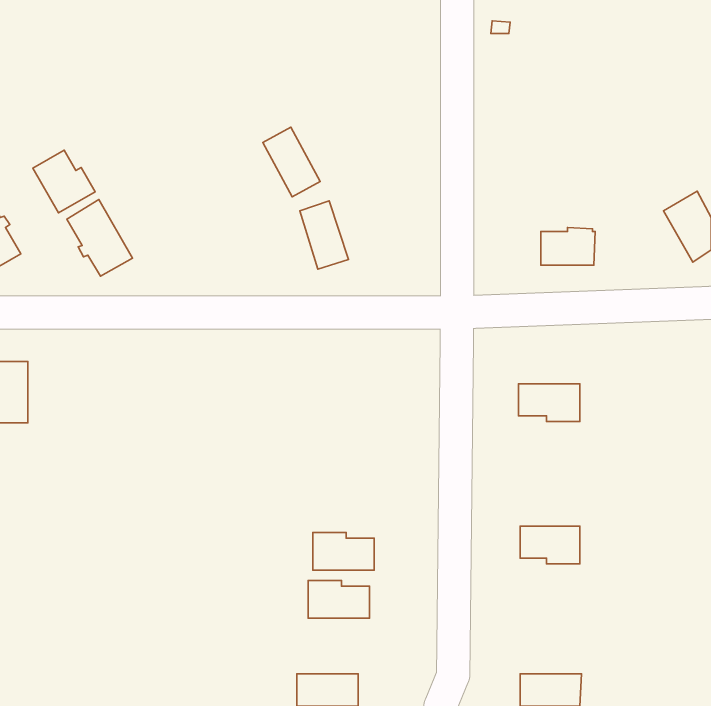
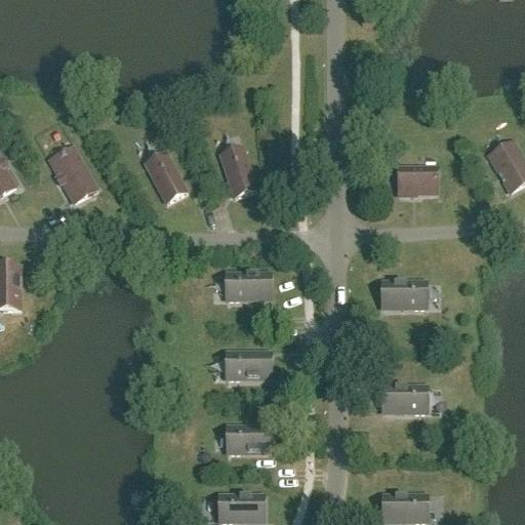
building: [263,127,320,197] -> [145,153,187,204]
building: [33,150,95,213] -> none
building: none -> [226,273,271,301]
building: [313,532,374,570] -> [226,353,271,380]

